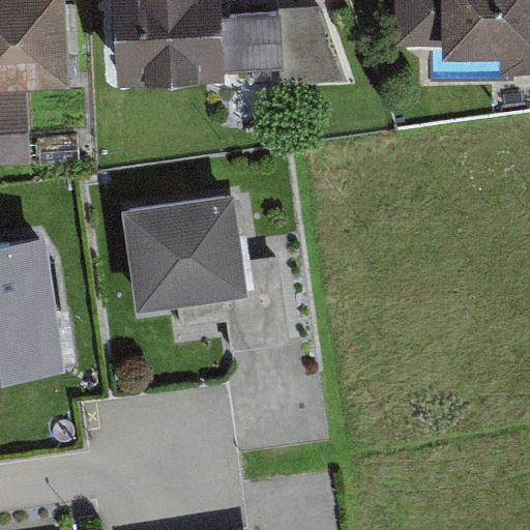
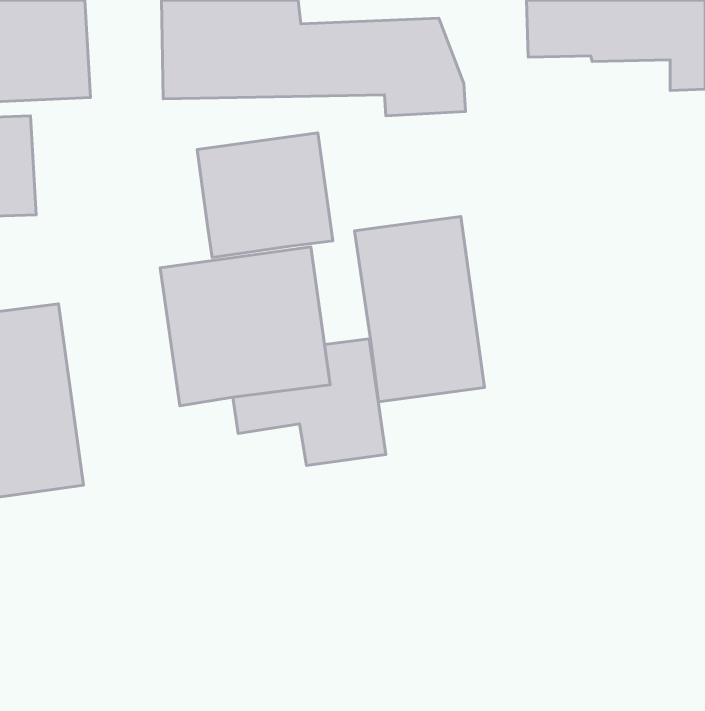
building: none -> [197,133,333,258]
building: none -> [355,216,485,402]

